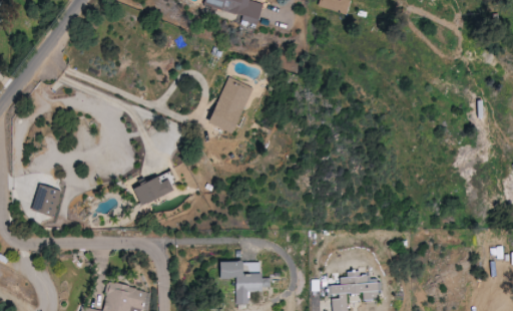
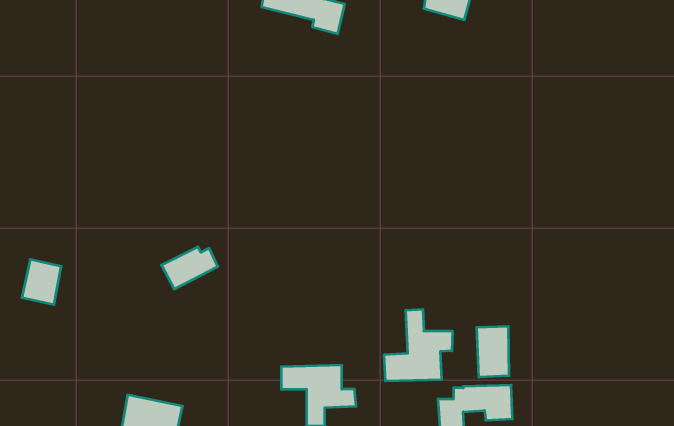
building: [207,76,251,133] -> none
building: none -> [384,309,452,381]
building: none -> [477,326,509,377]

